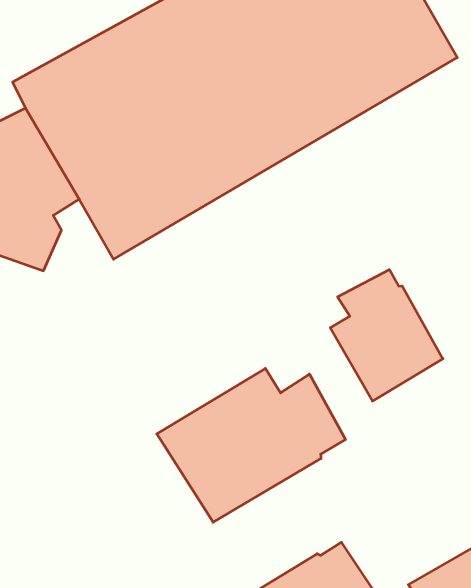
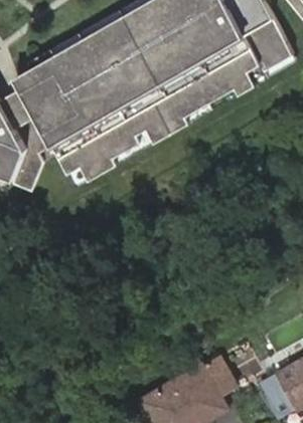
building: [330,270,443,401] -> none
building: [157,368,345,522] -> none

